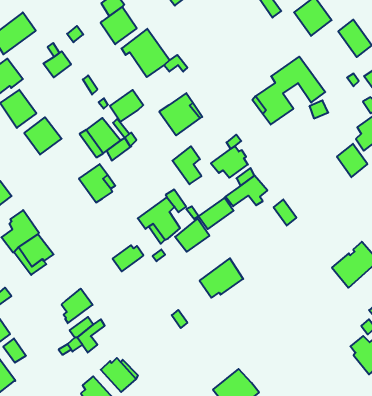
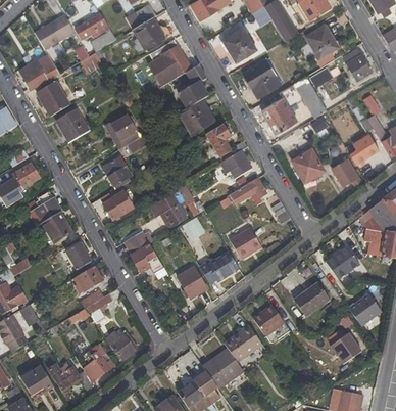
building: none -> [75,13,109,39]
building: none -> [222,28,256,61]
building: none -> [242,58,281,98]
building: [110,90,143,122] -> [179,81,208,108]
building: none -> [291,147,325,182]
building: [172,146,201,184] -> [206,124,231,157]
building: none -> [100,186,133,220]
building: none -> [229,227,260,259]
building: none -> [131,243,163,272]
building: none -> [65,242,92,274]
building: none -> [177,266,207,299]
building: none -> [296,282,330,316]
building: none -> [253,305,284,335]
building: none -> [225,325,262,362]

